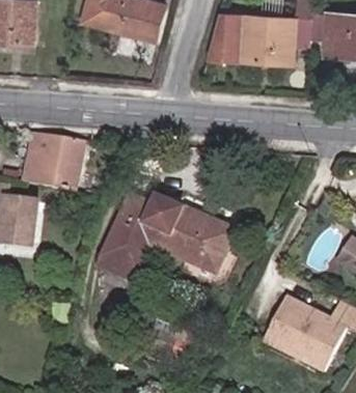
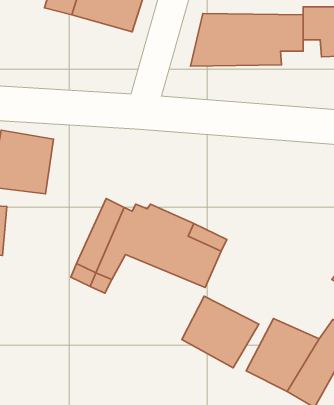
building: none -> [182,296,259,368]

